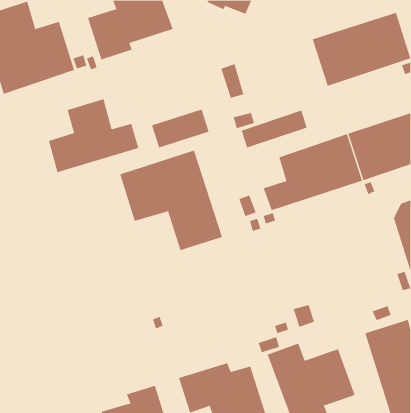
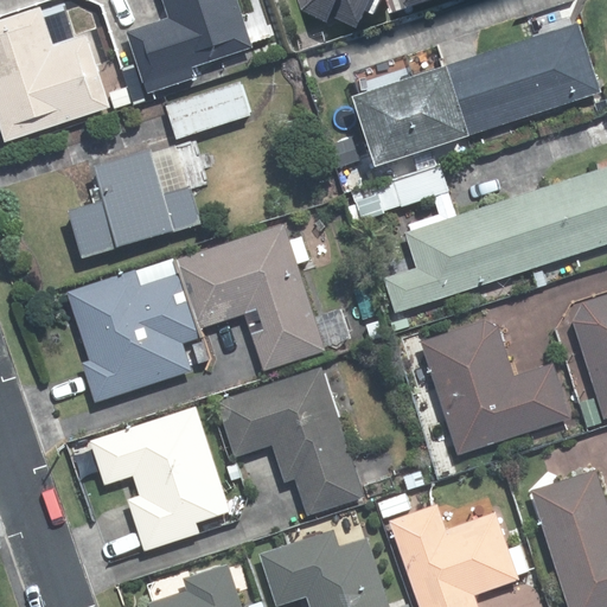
building: none -> [359,62,477,162]
building: [151,109,210,148] -> [165,82,250,139]
building: none -> [66,269,199,401]
building: none -> [420,320,569,454]
building: none -> [217,369,363,515]
building: none -> [91,407,228,549]

